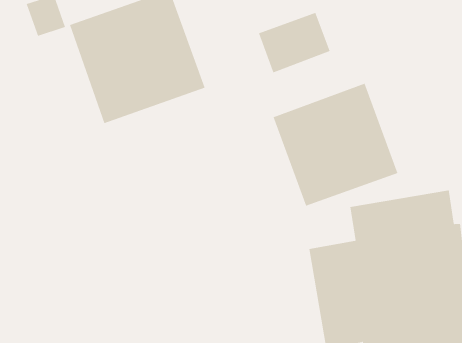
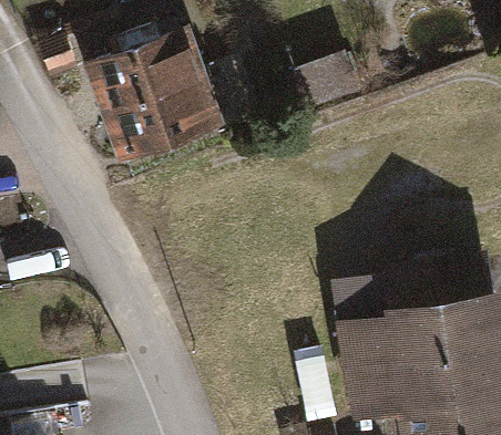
building: [273,83,398,207] -> none

